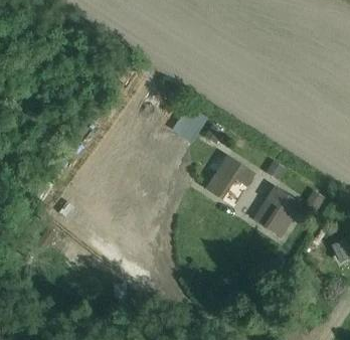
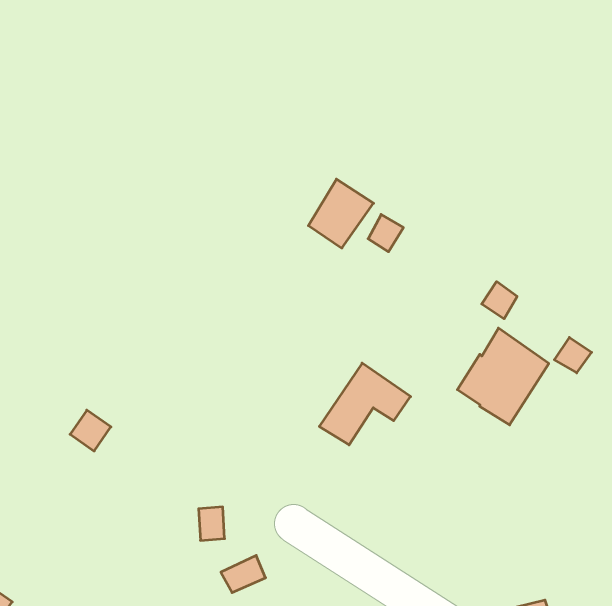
building: [204,154,253,198] -> [319,363,411,445]

